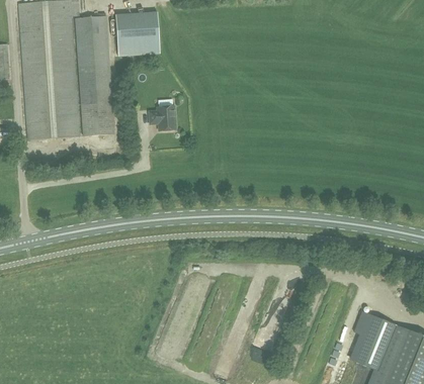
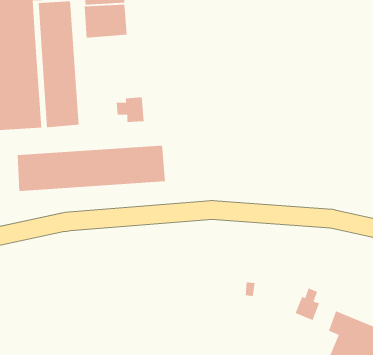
building: none -> [17,145,165,192]
building: none -> [295,287,320,321]

